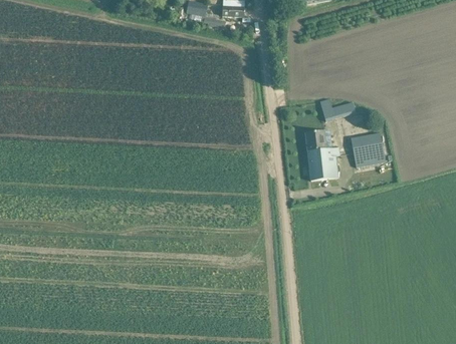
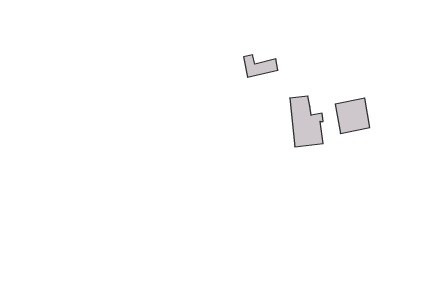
building: [321,98,356,120] -> [244,55,278,77]

